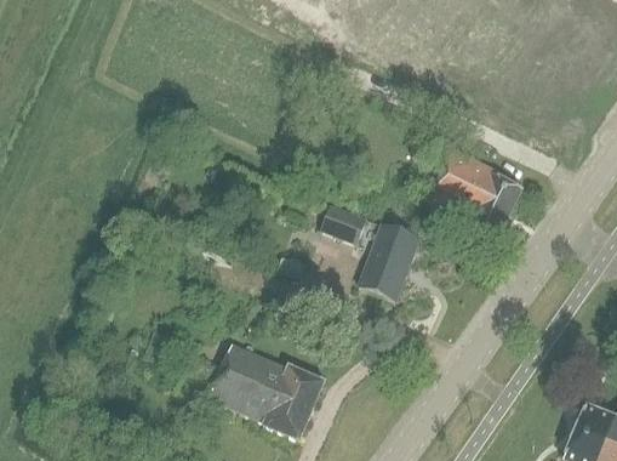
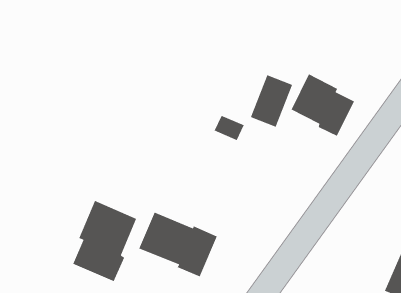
building: [358,222,419,298] -> [250,74,293,128]
building: none -> [72,200,137,282]

